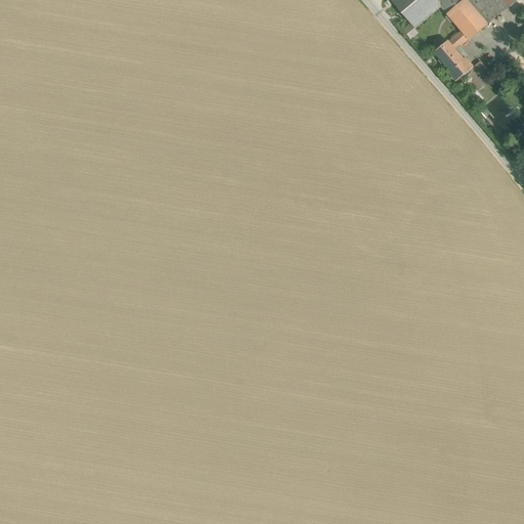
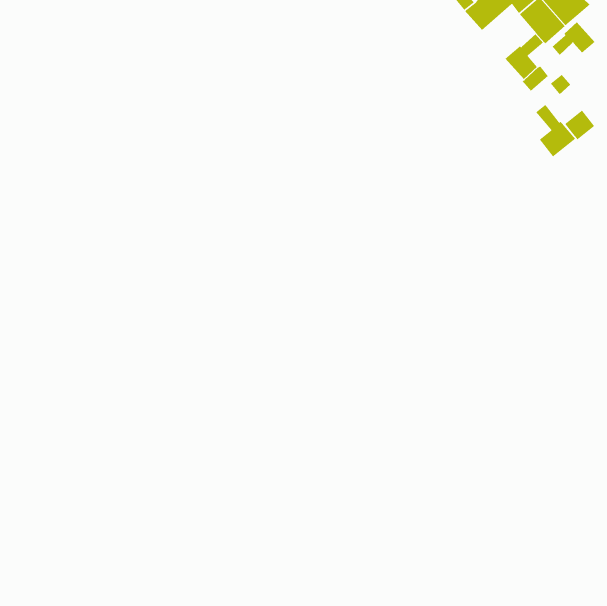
building: none -> [551,21,595,56]
building: none -> [535,104,576,157]

